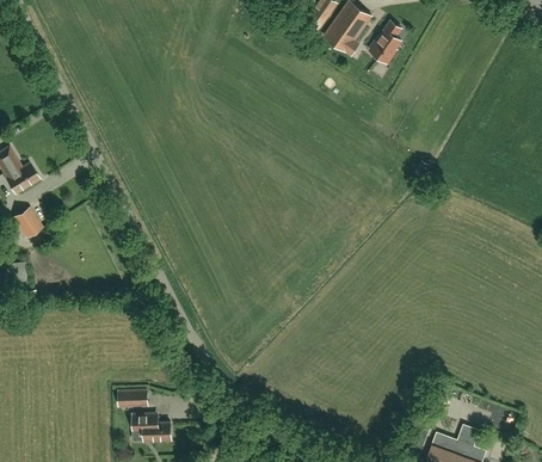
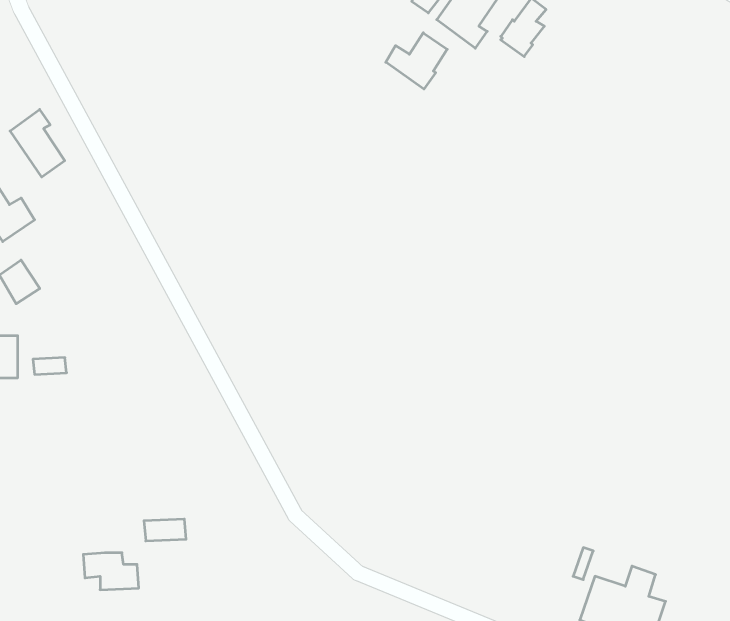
building: none -> [386,33,447,89]
building: none -> [10,109,65,177]
building: [131,413,171,439] -> [83,553,139,590]

